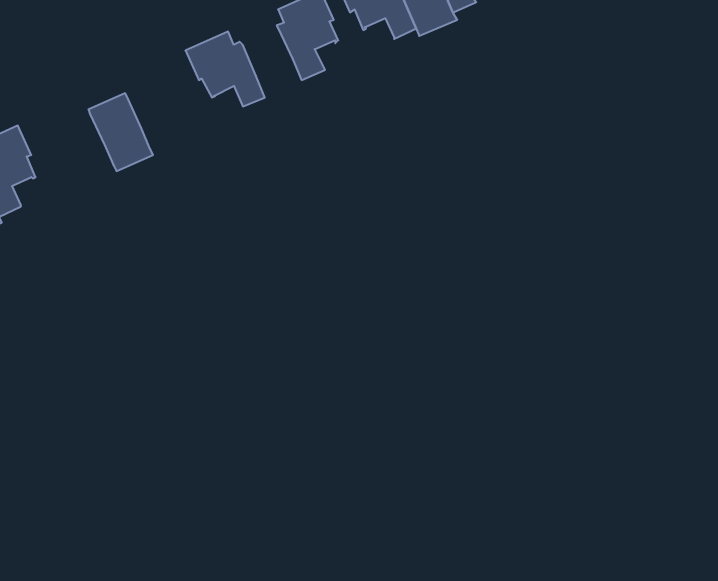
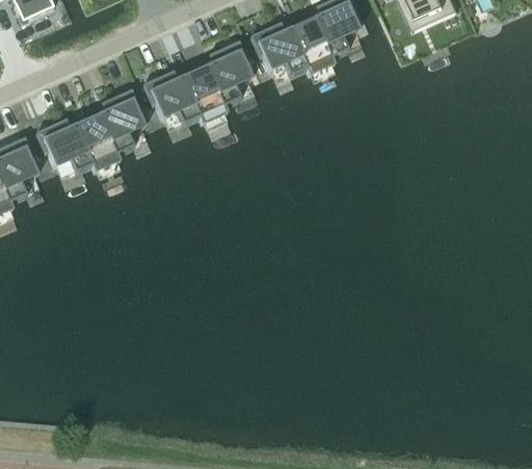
building: none -> [182,67,228,122]
building: none -> [101,89,144,154]
building: none -> [36,120,92,173]

